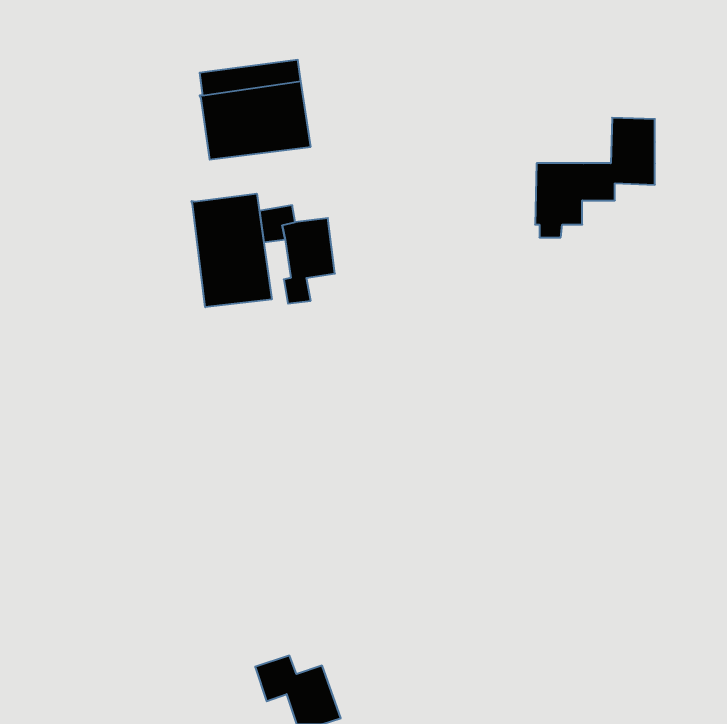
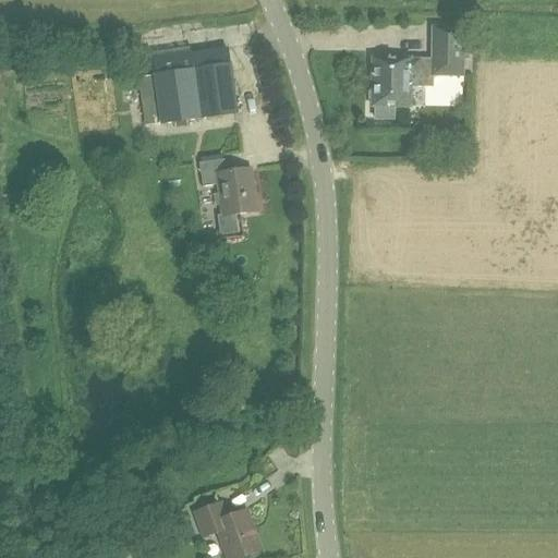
building: [535,118,655,237] -> [372,22,463,113]
building: [192,194,272,307] -> none

